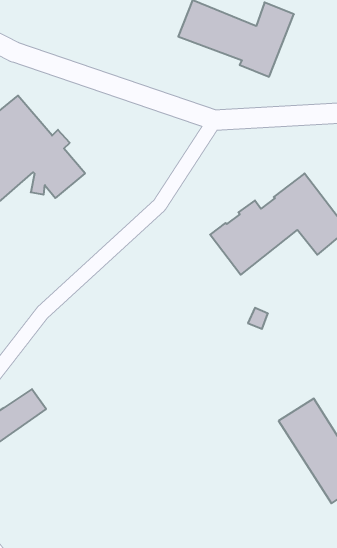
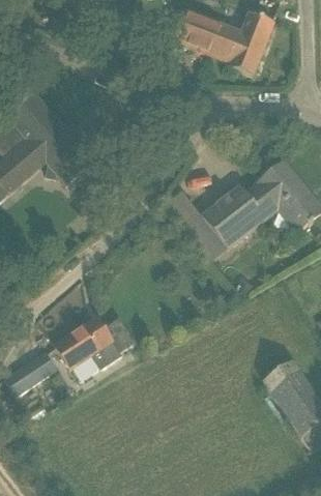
building: none -> [55,316,122,380]

